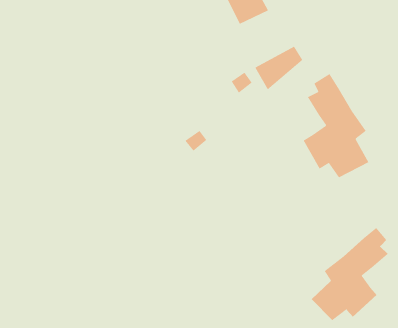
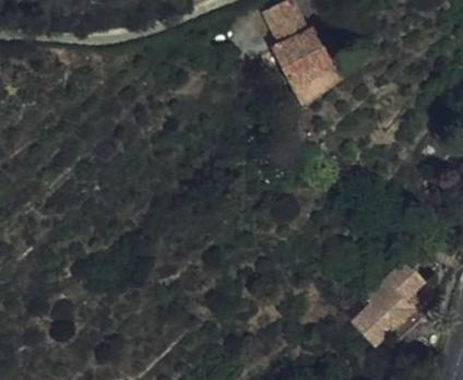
building: none -> [270,26,333,86]
building: [303,73,369,178] -> none

